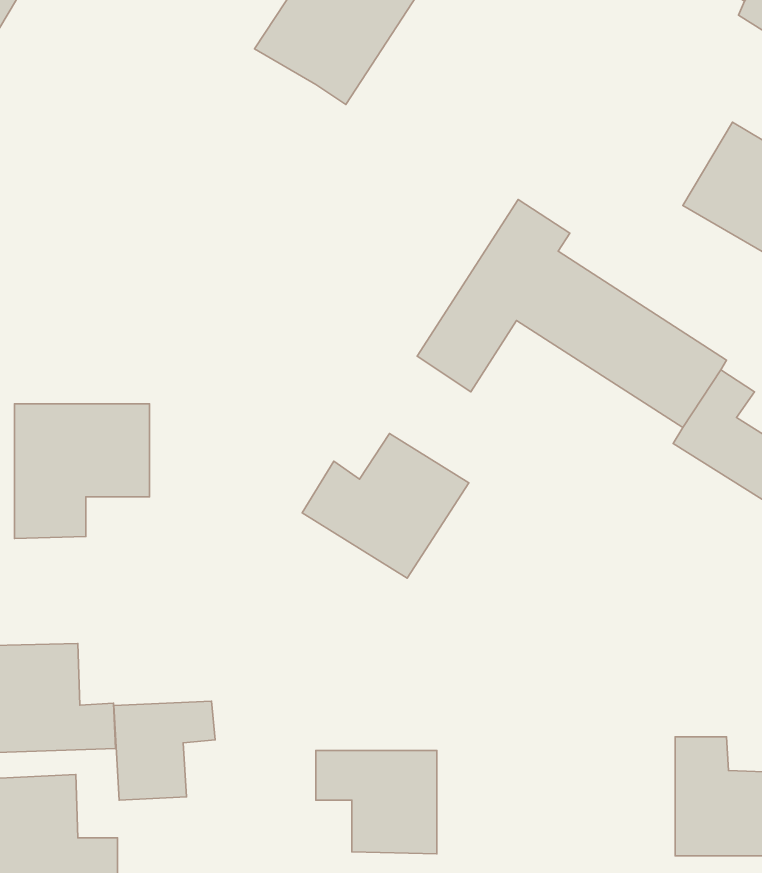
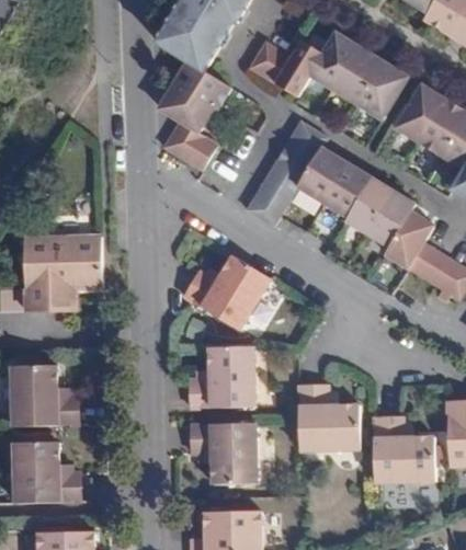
building: none -> [240,23,401,111]
building: none -> [157,58,229,170]
building: none -> [189,344,257,405]
building: none -> [293,392,357,454]
building: [114,701,215,800] -> none

